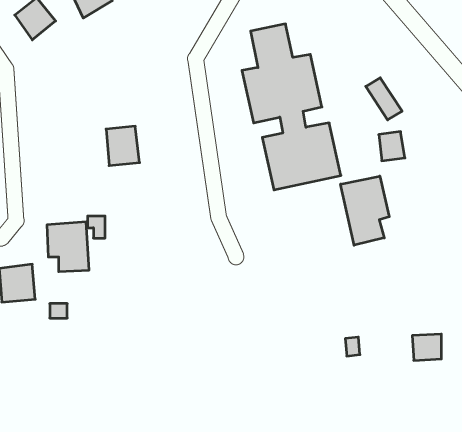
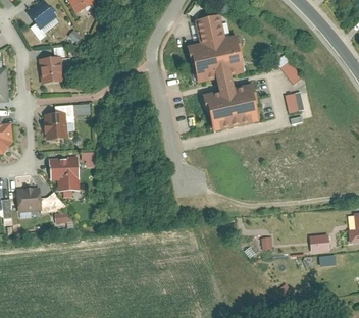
building: none -> [39,56,64,84]
building: [106,126,140,166] -> [45,111,68,139]
building: [341,176,389,245] -> none

